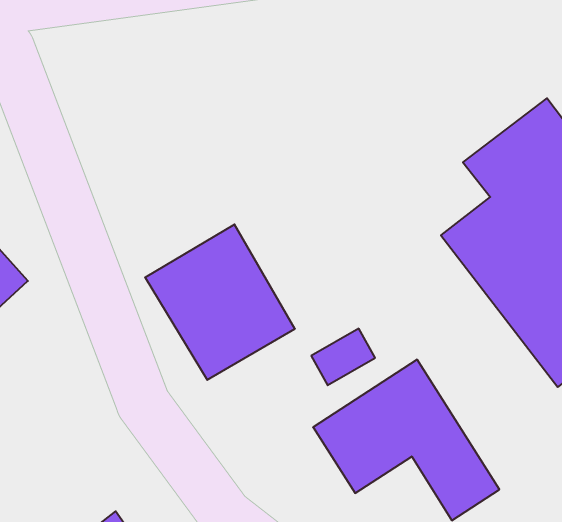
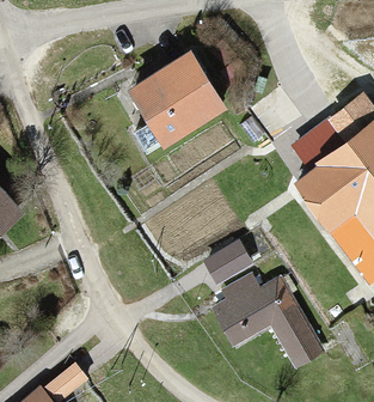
building: [145,224,295,380] -> [125,53,223,154]

